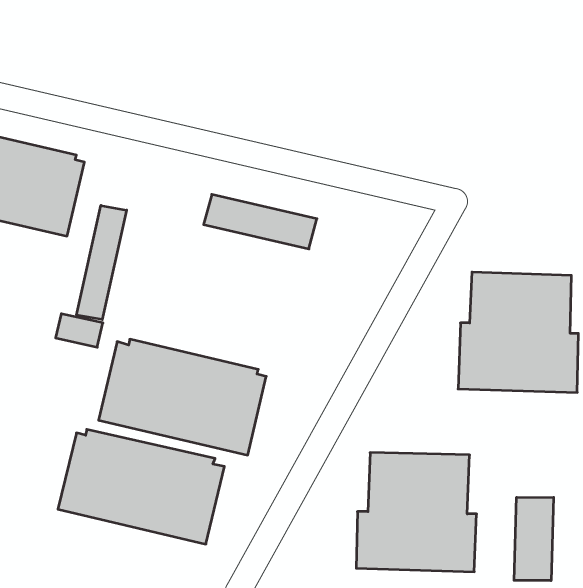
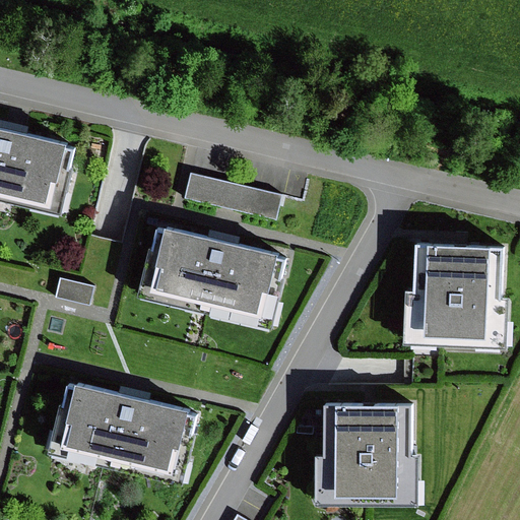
building: [77,205,127,320] -> none
building: [99,339,266,455] -> [138,223,285,325]
building: [514,497,554,581] -> none

